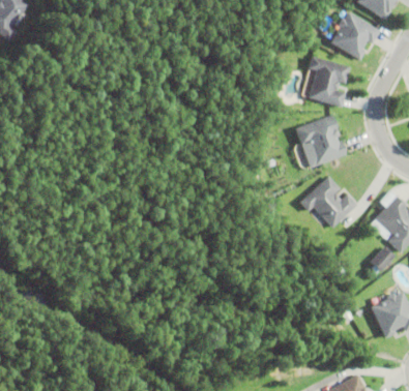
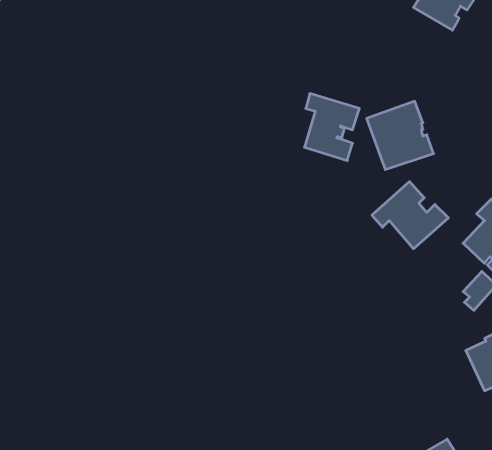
building: [308,55,350,107] -> [304,94,359,161]

